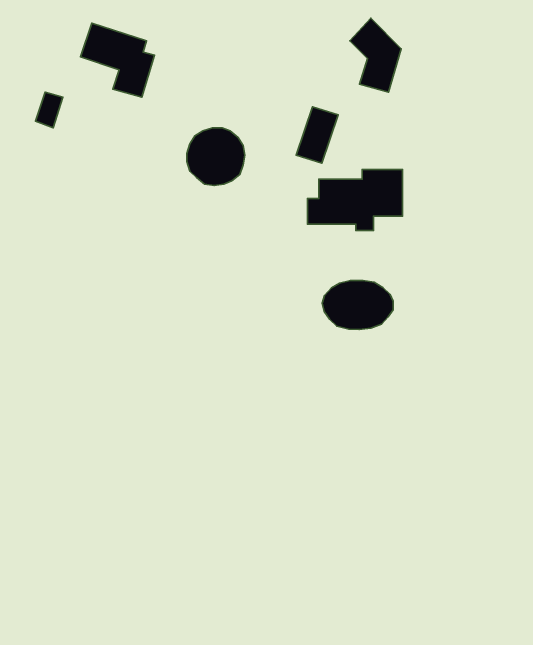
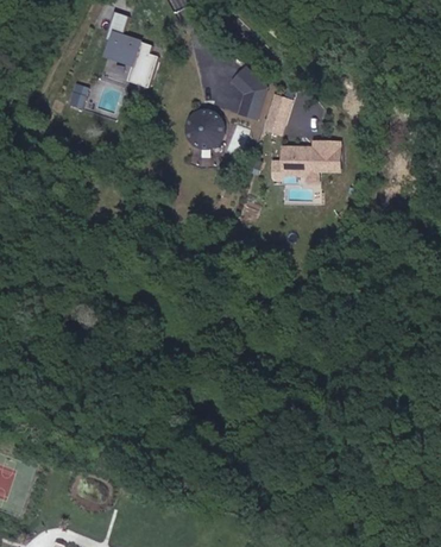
building: [350,18,401,92] -> [228,64,266,119]
building: [322,280,393,330] -> none

